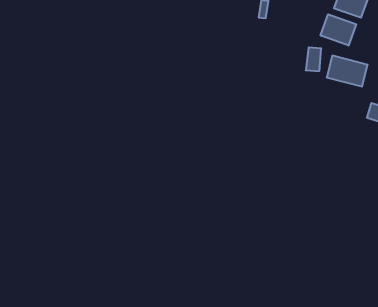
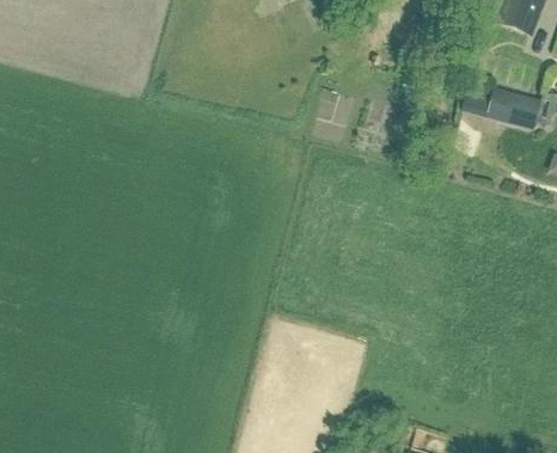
building: [321,14,356,46] -> none

